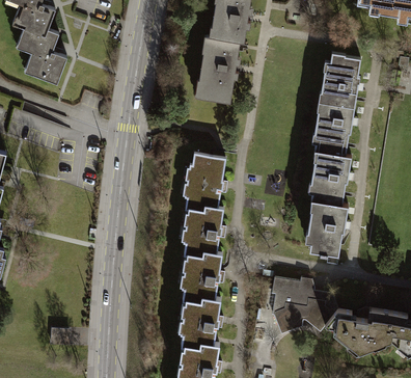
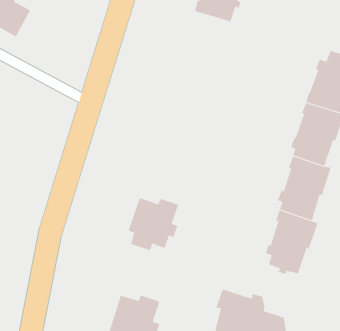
building: [196,35,242,102] -> none
building: [184,154,226,212] -> none
building: [180,248,224,300] -> none

